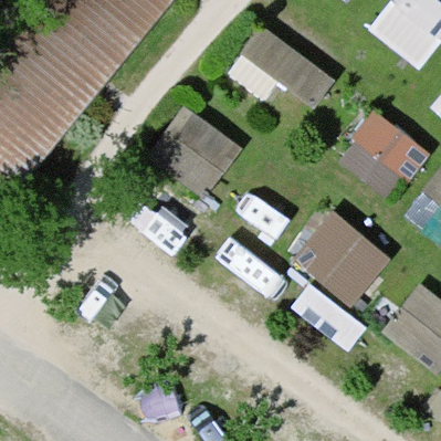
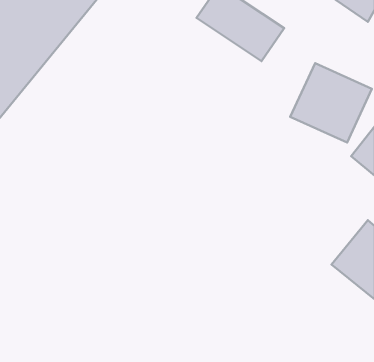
building: [151,108,242,196] -> none
building: [295,209,396,307] -> none

